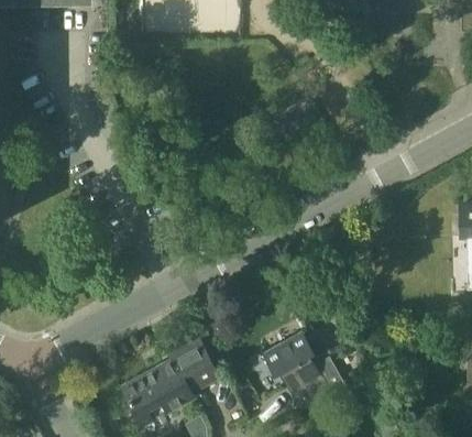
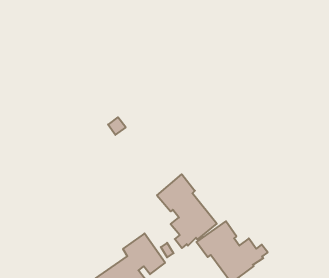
building: none -> [157,174,217,248]

